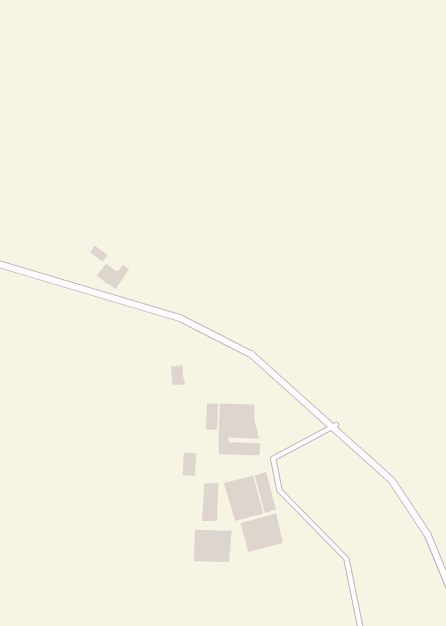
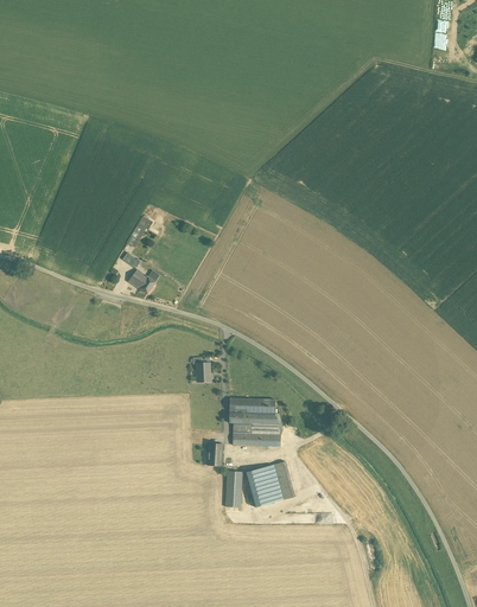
building: [240,512,283,553] -> none
building: [193,529,232,563] -> none

